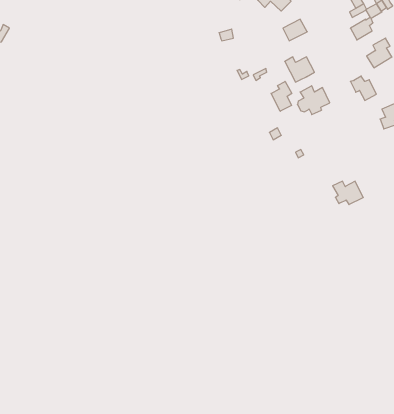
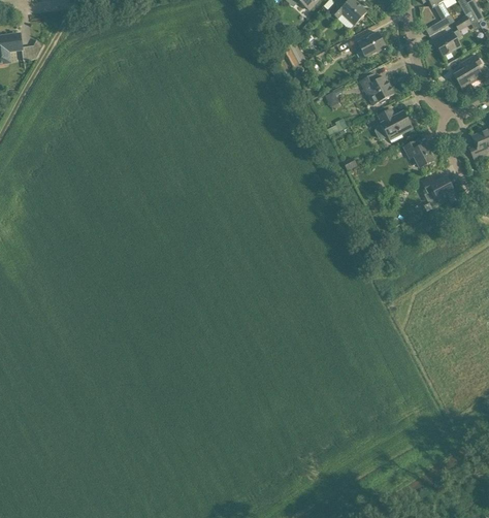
building: [350,76,376,100] -> [403,138,433,166]
building: [271,81,292,111] -> none
building: [333,181,363,205] -> [421,174,456,201]

